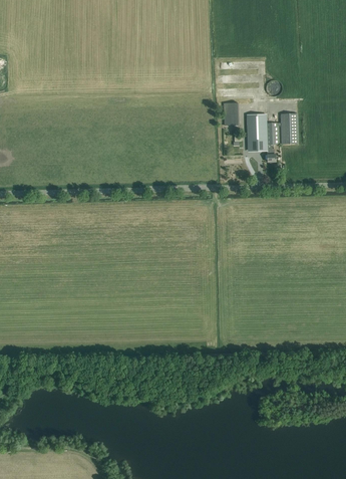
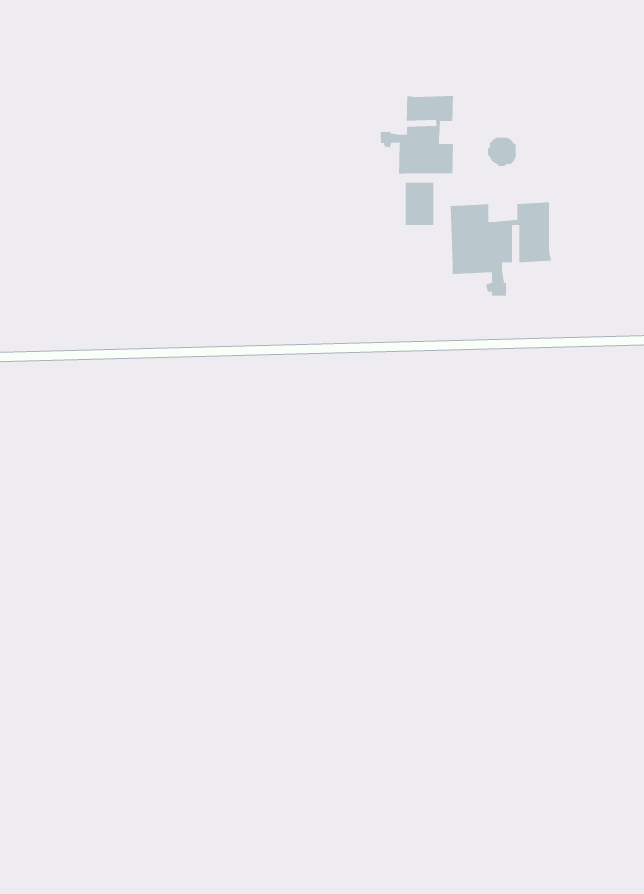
building: none -> [380,95,453,174]

